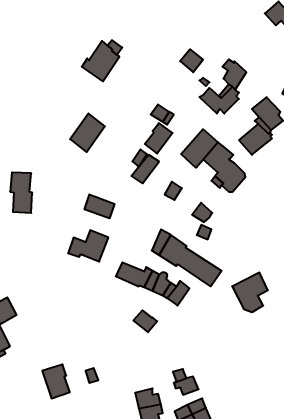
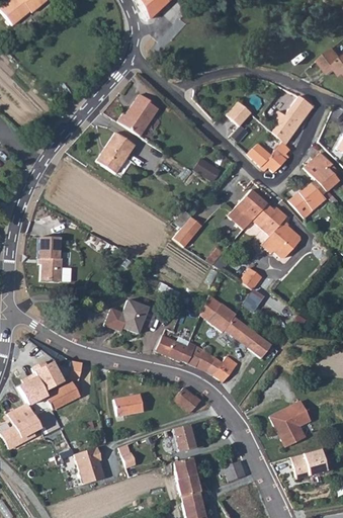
building: none -> [286,96,314,125]
building: [70,113,105,152] -> [97,131,136,173]
building: [145,123,173,154] -> none
building: [85,194,115,218] -> none
building: [232,273,268,312] -> [271,400,311,443]
building: none -> [33,358,63,388]
building: none -> [46,381,80,410]
building: none -> [114,394,143,416]
building: none -> [172,423,195,451]
building: none -> [292,448,327,478]
building: none -> [166,458,196,479]

